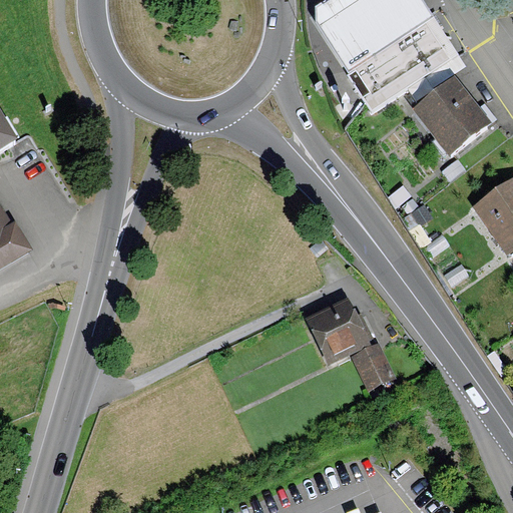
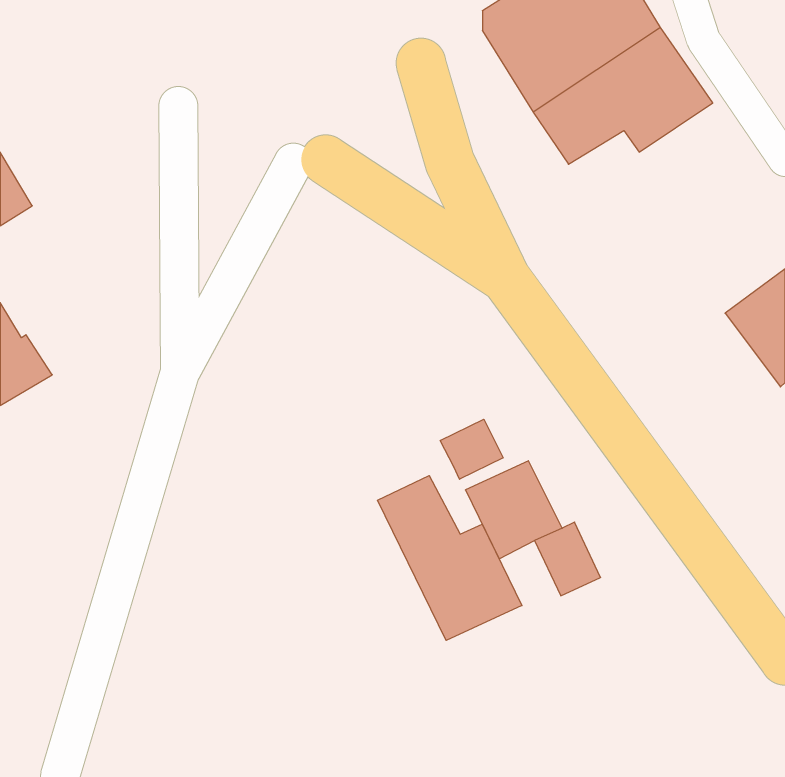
building: [414,76,492,155] -> none
building: none -> [440,419,503,479]
building: none -> [377,476,522,640]

